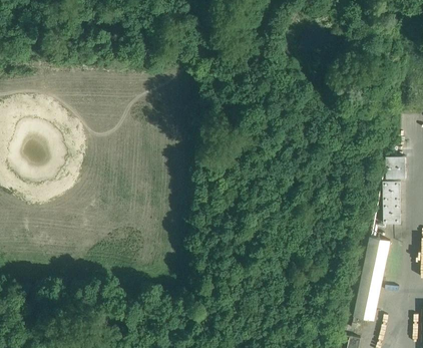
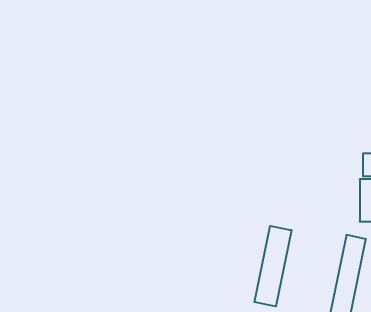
building: none -> [254,226,292,306]

